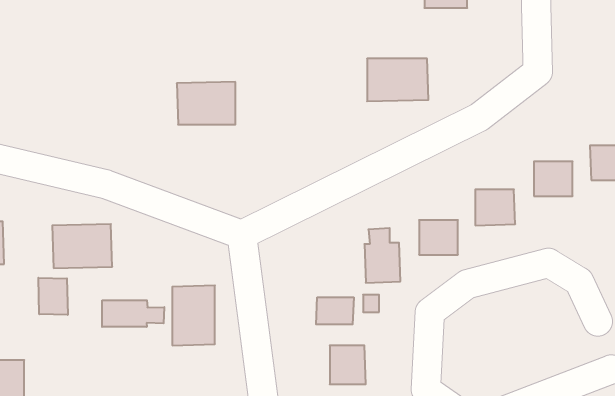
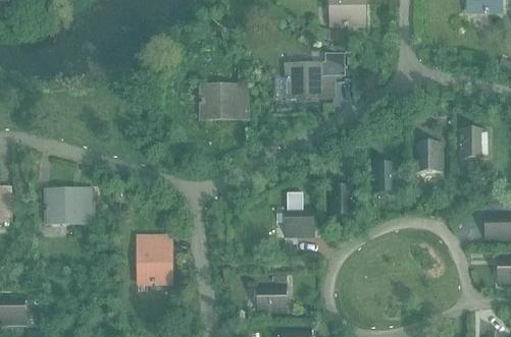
building: [177,82,235,125] -> [201,85,246,117]
building: [38,278,68,315] -> none
building: [316,297,354,324] -> none
building: [102,300,164,327] -> none

